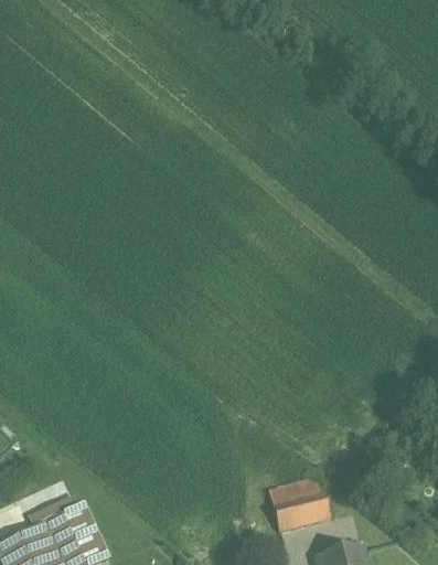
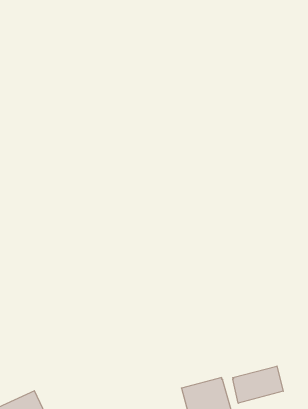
building: none -> [233,366,283,403]

